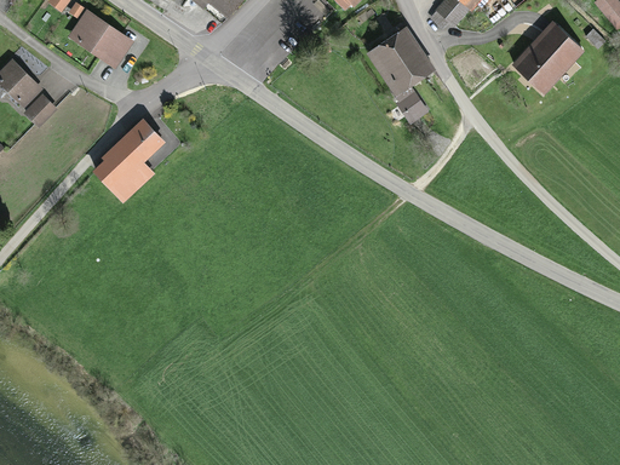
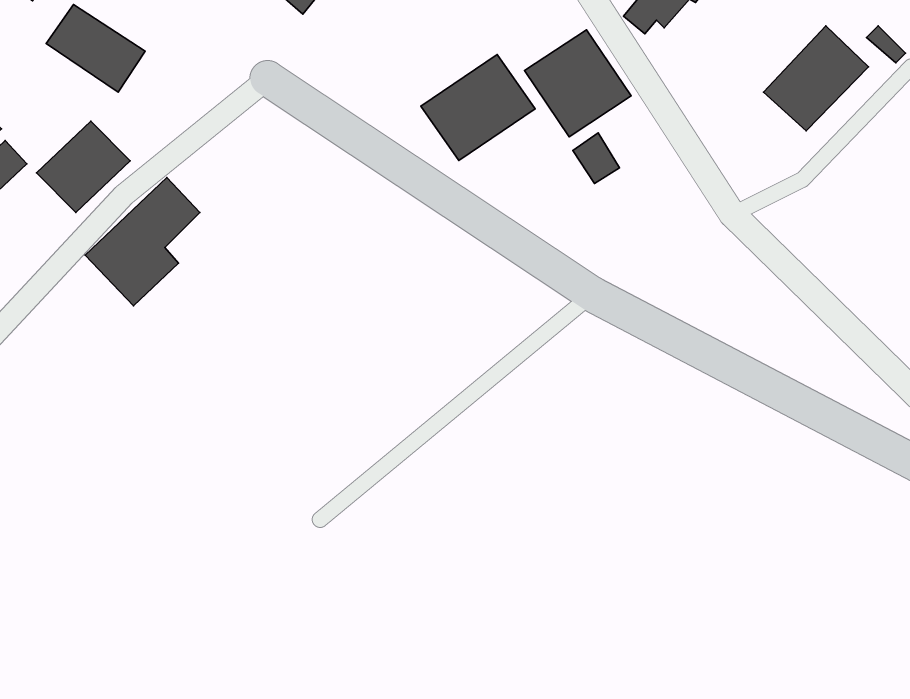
building: none -> [421,55,535,160]
building: none -> [37,121,130,213]

